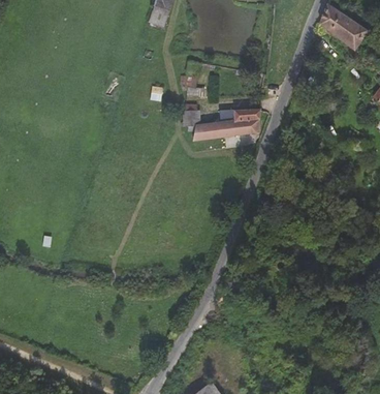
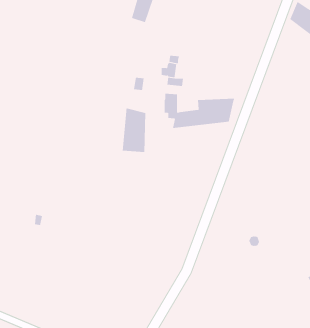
building: none -> [122,107,146,153]

